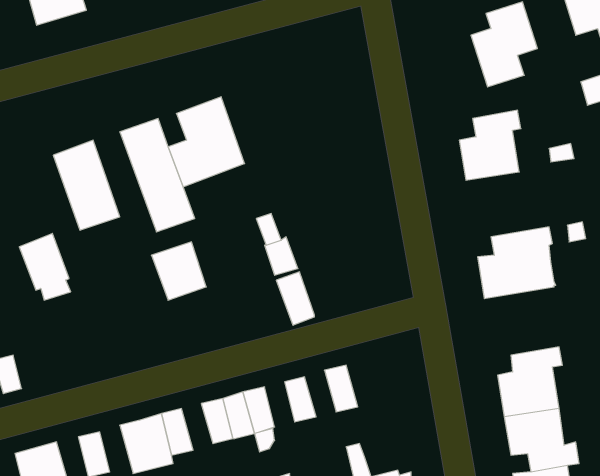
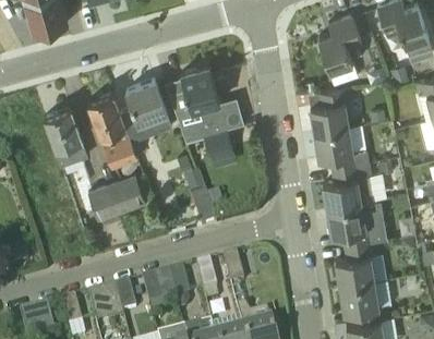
building: none -> [168,60,244,152]
building: none -> [315,121,370,166]
building: [19,233,71,300] -> [87,178,121,221]
building: none -> [327,198,377,243]

